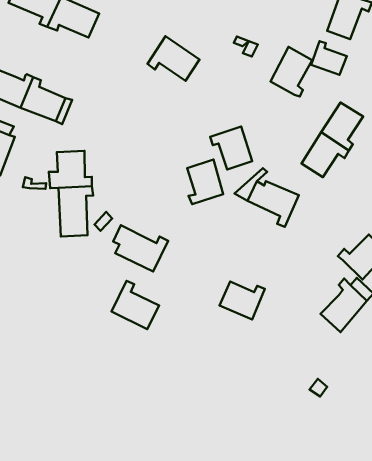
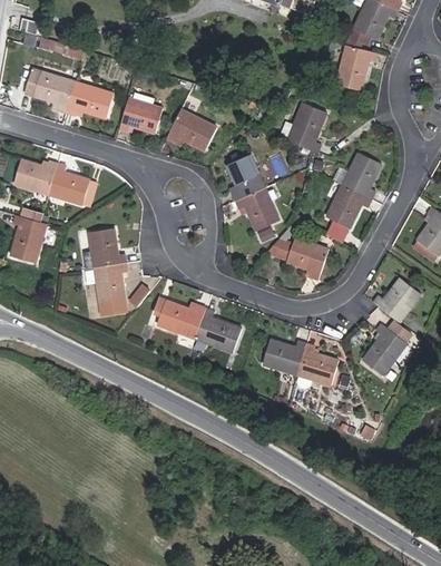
building: none -> [118,98,161,134]
building: [311,41,347,75] -> none
building: [187,160,223,204] -> [226,155,264,201]
building: [111,281,159,329] -> [195,306,241,351]
building: none -> [296,342,336,388]

